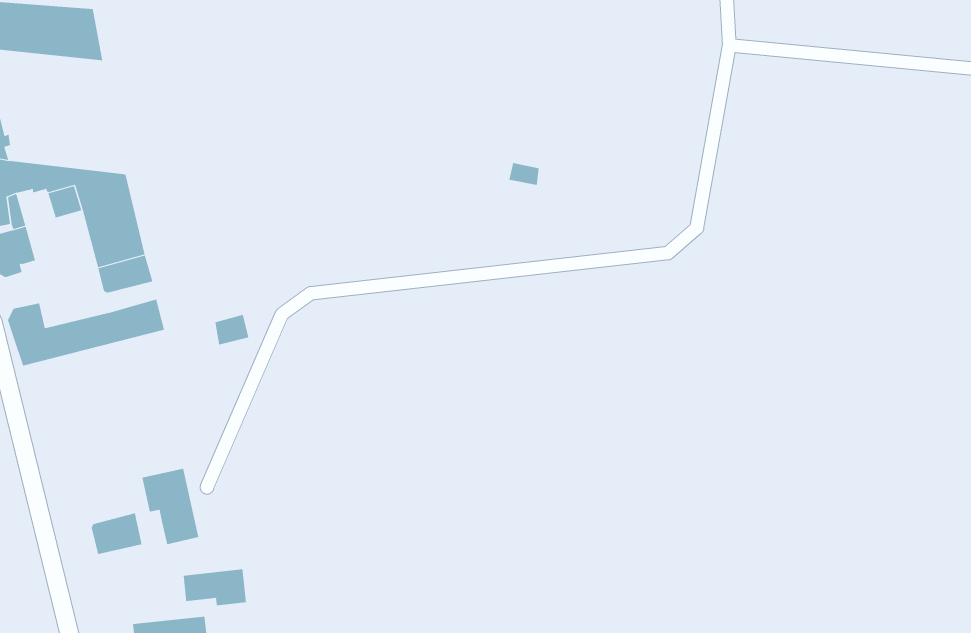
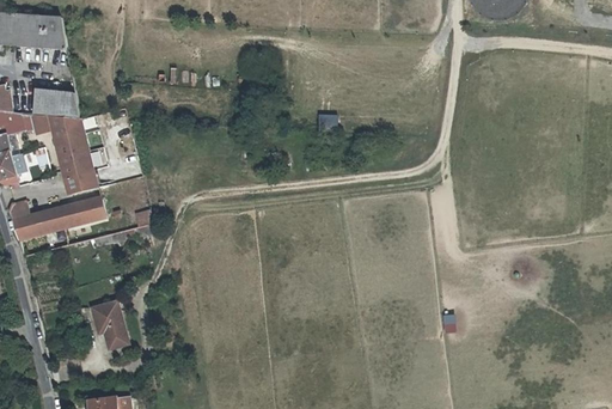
building: none -> [33,88,80,117]
building: [91,513,142,555] -> none
building: [183,569,246,606] -> none

